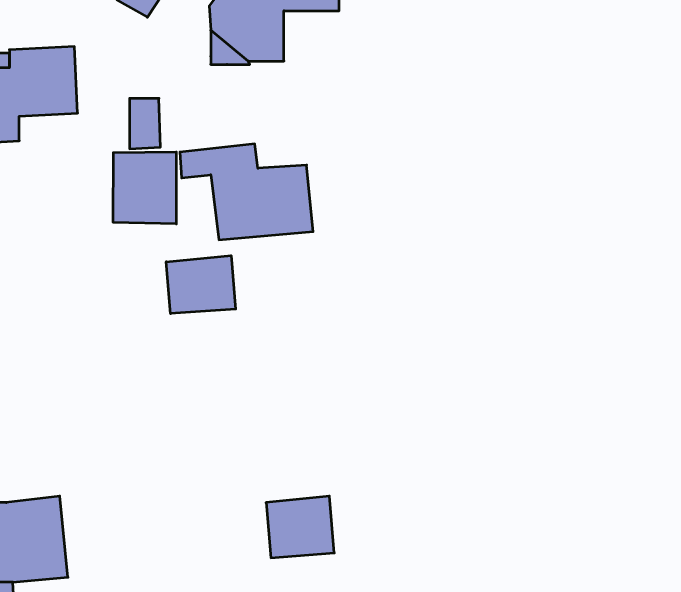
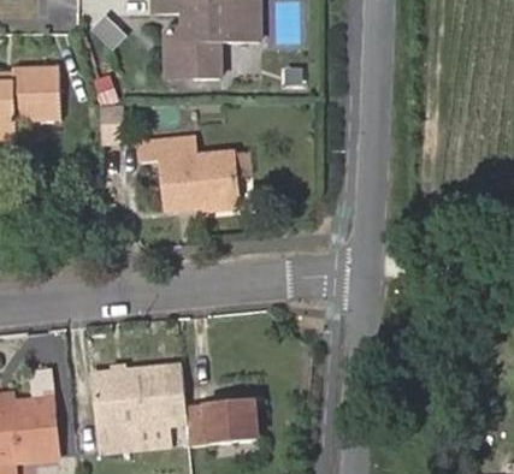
building: [113,152,176,224] -> none
building: [166,256,236,314] -> none
building: none -> [89,368,183,451]

